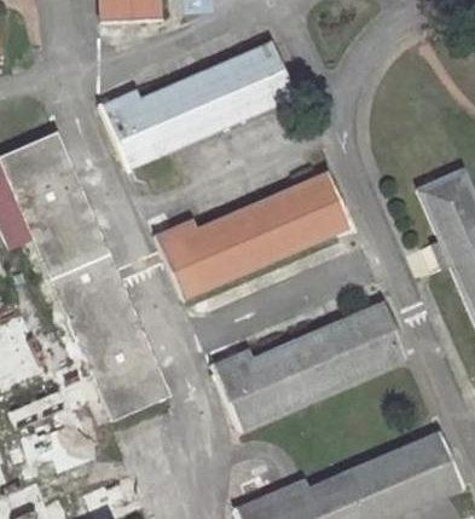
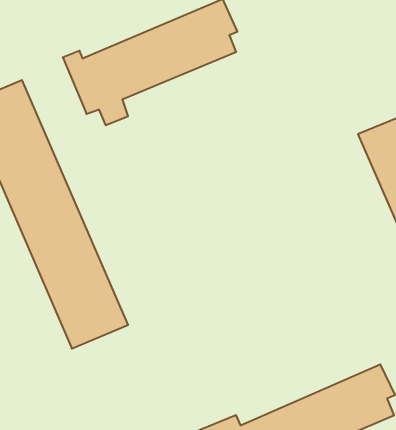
building: [156,172,343,296] -> none
building: [213,302,400,428] -> none

